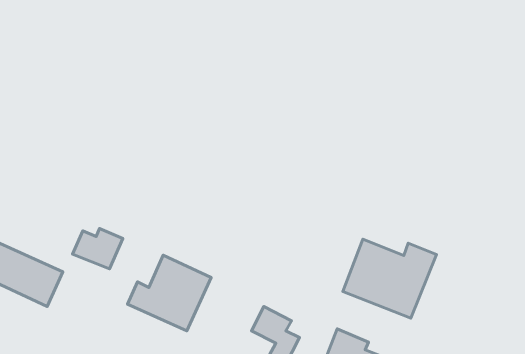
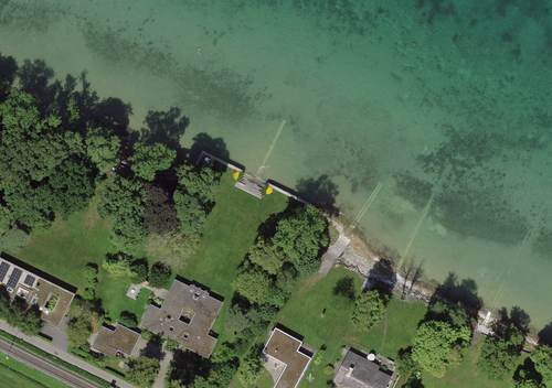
building: [73,229,123,269] -> [95,321,145,360]
building: [343,239,436,318] -> none

